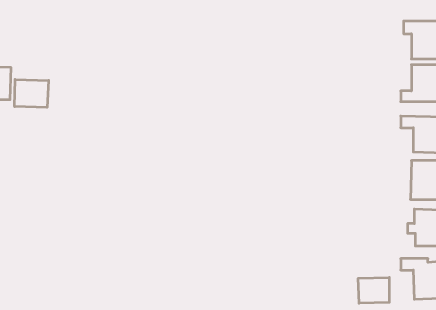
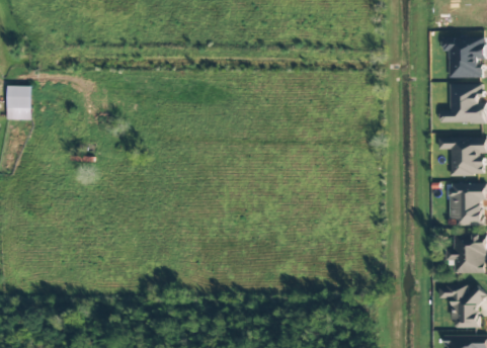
building: [15,79,49,107] -> none
building: [358,277,389,303] -> none

